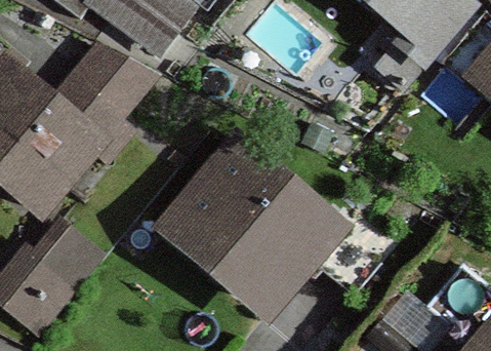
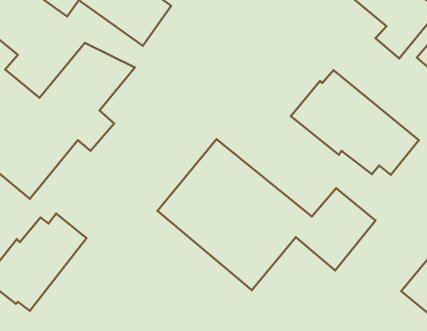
building: none -> [291,70,419,175]

